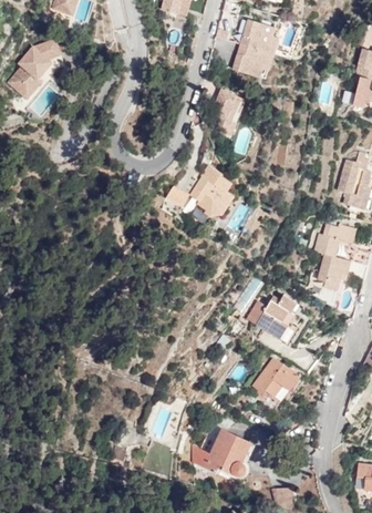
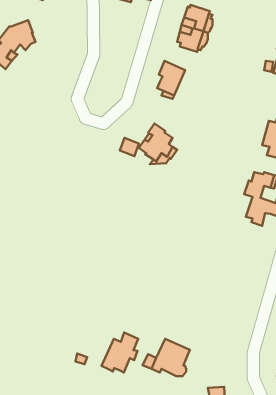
building: [245,294,301,342] -> none
building: [251,357,299,400] -> none
building: none -> [102,333,138,372]

